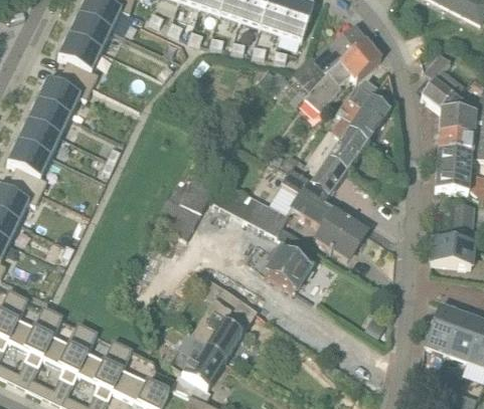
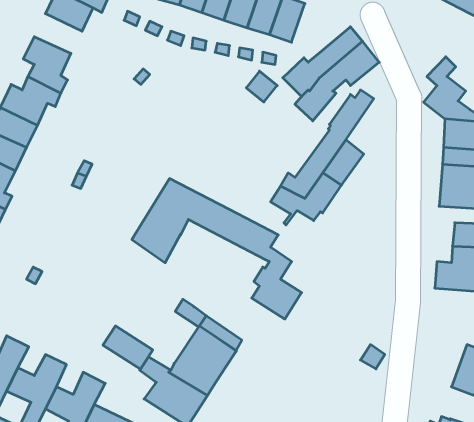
building: [67,14,111,50] -> none
building: [350,84,392,142] -> none
building: [296,193,365,258] -> none
building: none -> [103,326,153,369]
building: [425,306,460,353] -> none

